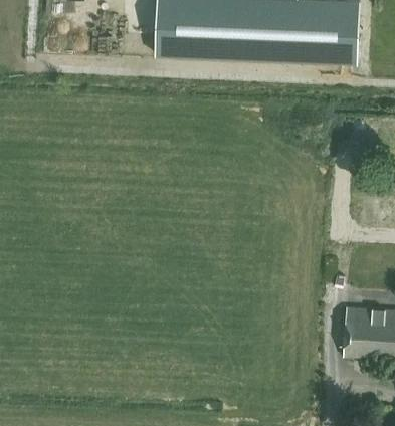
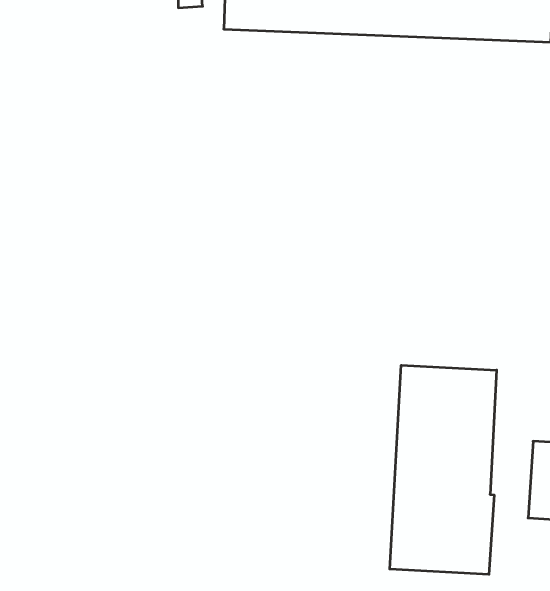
building: none -> [390,365,497,574]

